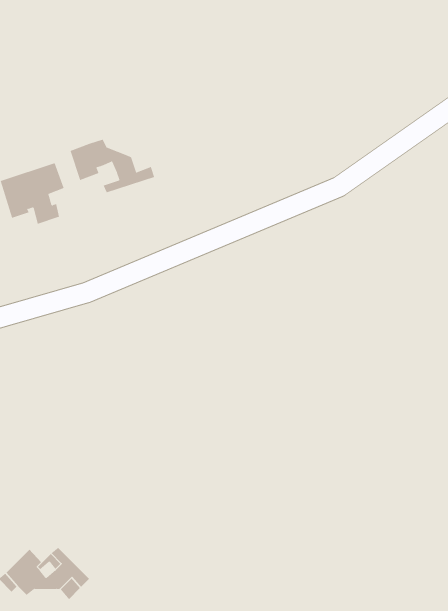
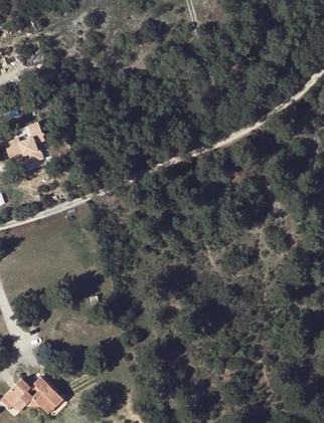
building: [70,139,155,193] -> none

